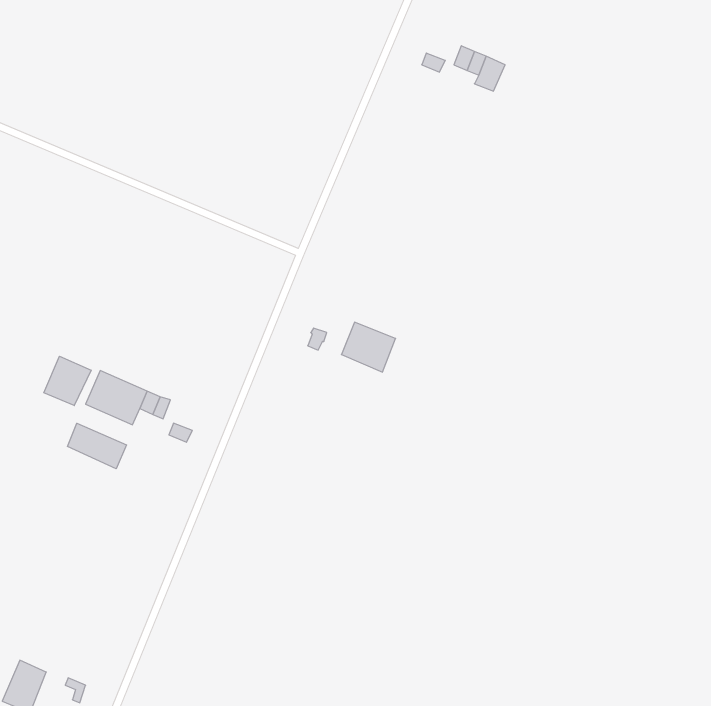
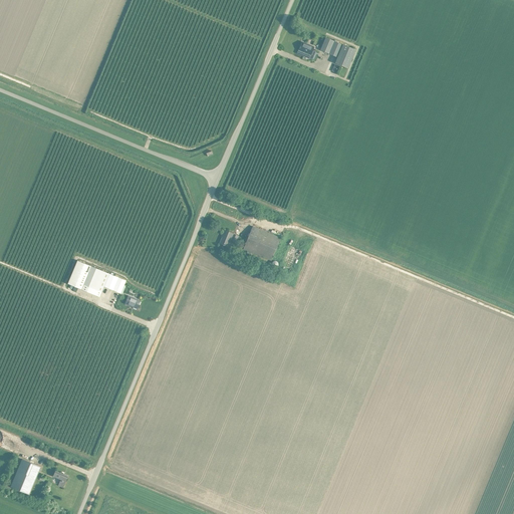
building: [44,356,91,406] -> none
building: [67,423,127,469] -> none

